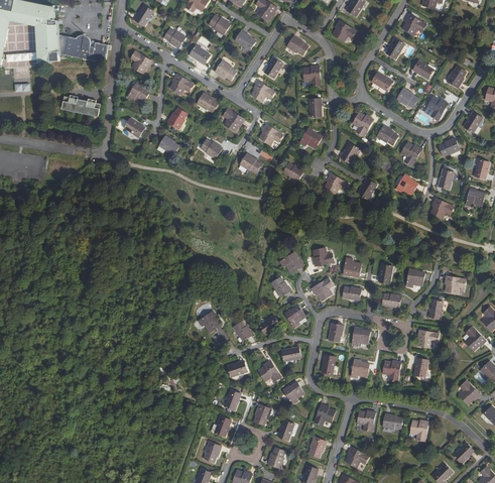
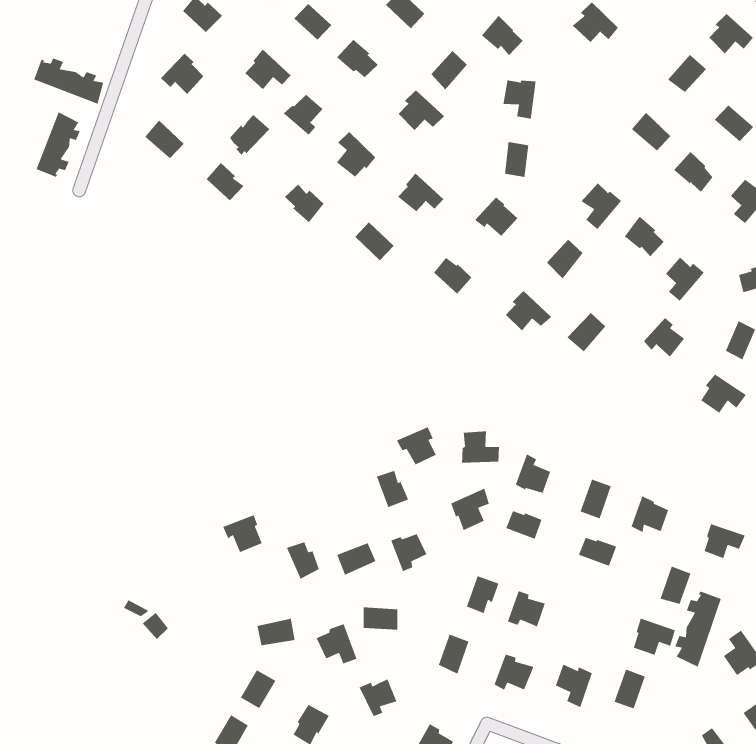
building: none -> [35,111,81,178]
building: none -> [674,591,722,668]

